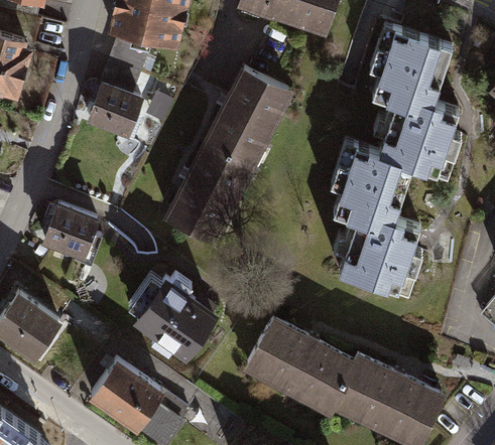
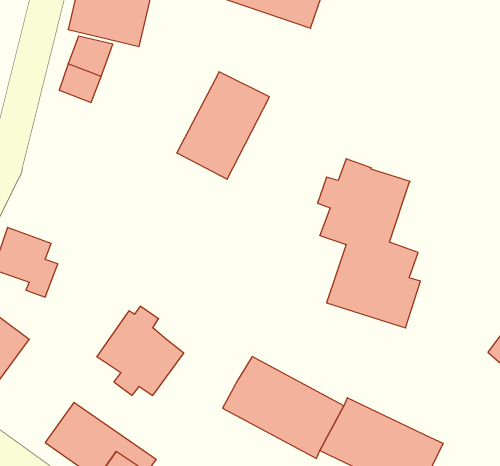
building: [369,31,460,180] -> none
building: [88,87,139,138] -> none
building: [166,142,250,242] -> none

